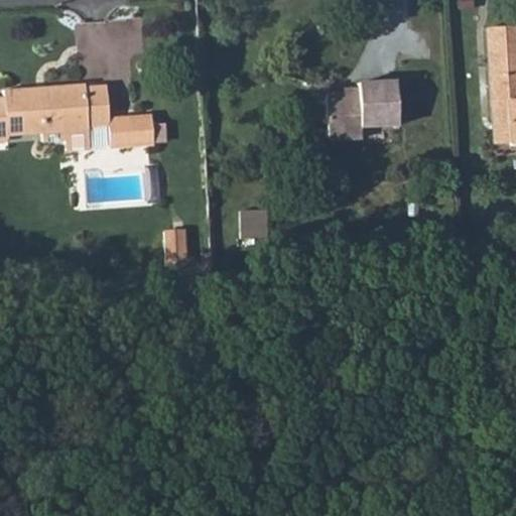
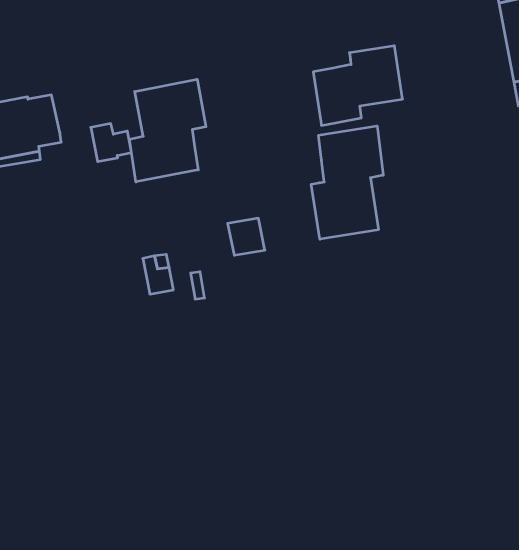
building: none -> [129,79,206,182]
building: [110,116,138,146] -> none
building: none -> [311,126,383,239]

